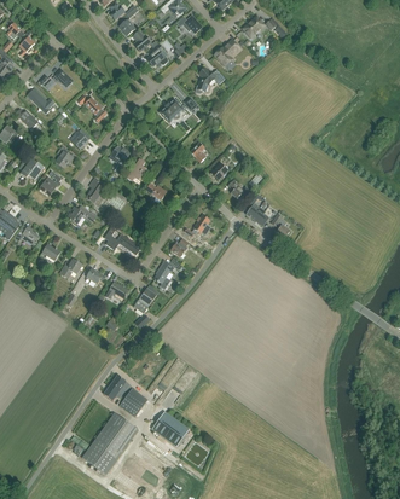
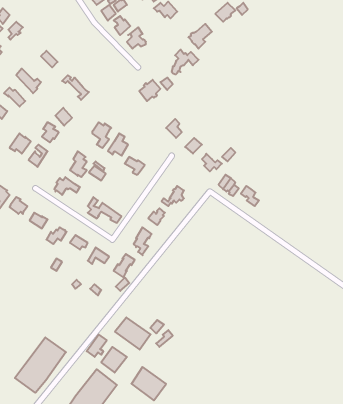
building: none -> [115,317,151,350]
building: none -> [15,337,66,393]

